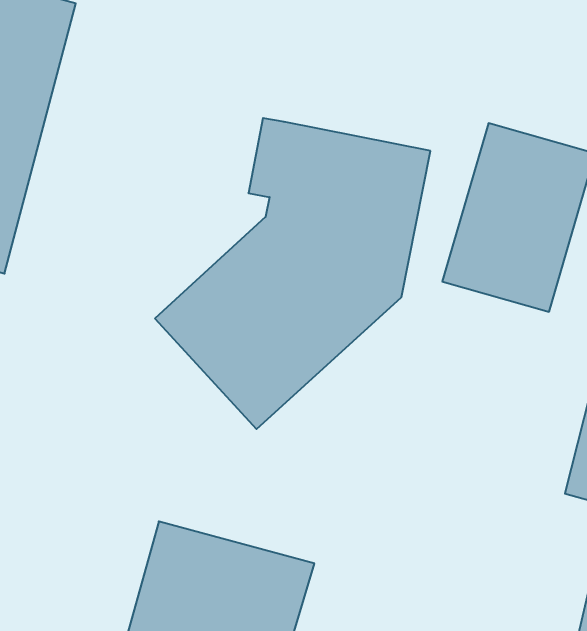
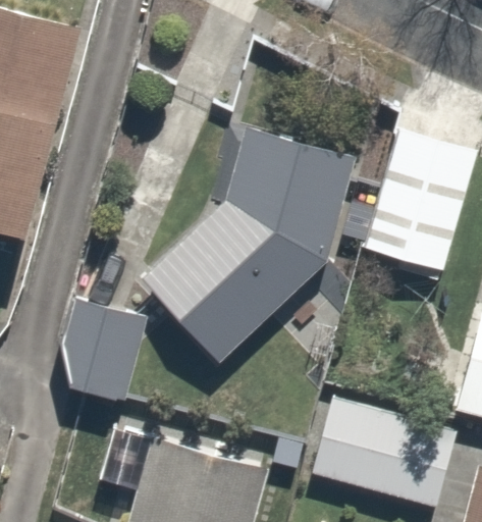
building: none -> [53,298,144,404]
building: none -> [313,397,446,502]

